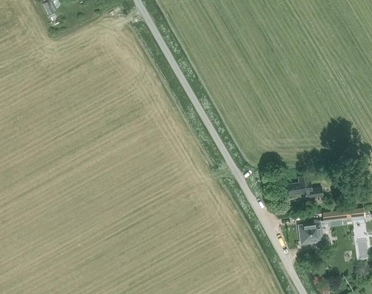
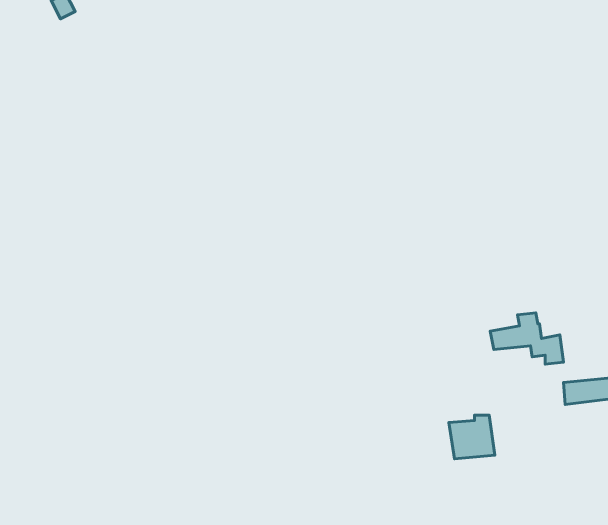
building: [298,222,323,246] -> [449,415,495,459]

